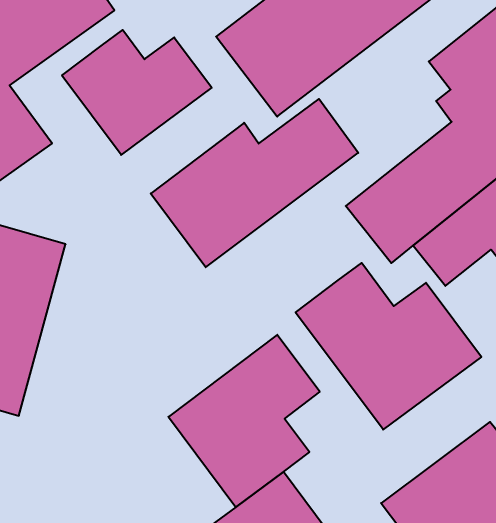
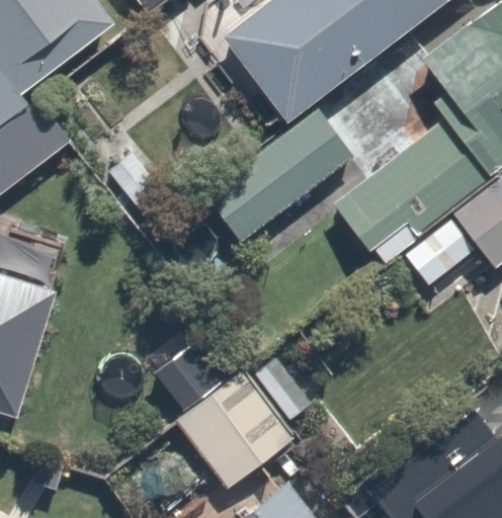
building: [62,30,212,155] -> none
building: [296,263,481,430] -> none

